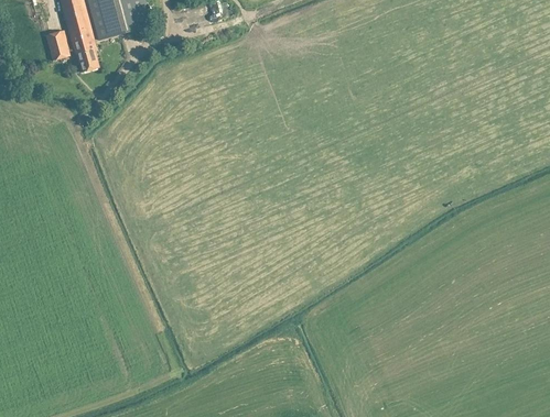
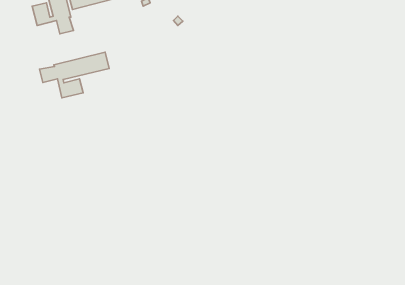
building: none -> [40,52,109,98]

